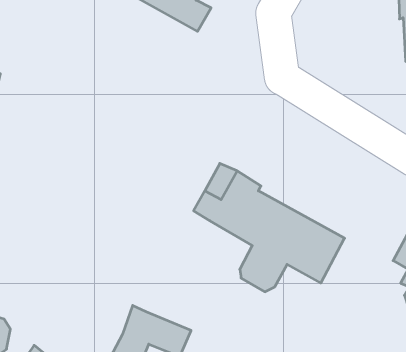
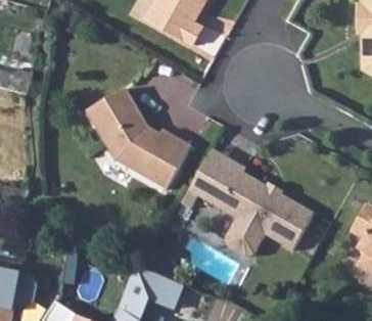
building: none -> [85,88,190,188]

